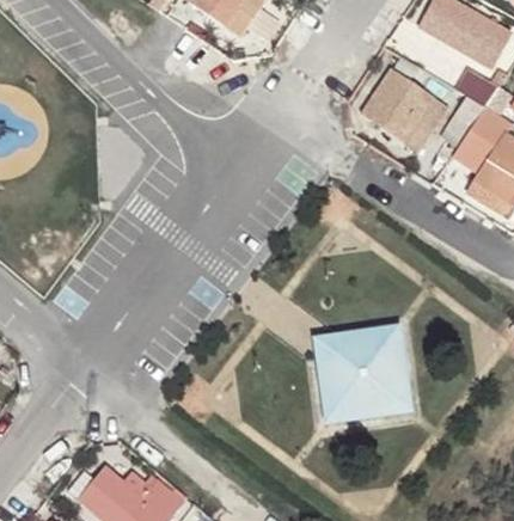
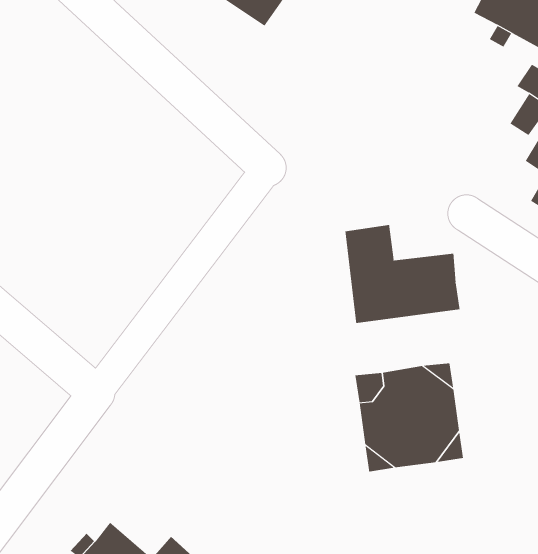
building: [360,68,445,151] -> none
building: none -> [345,224,460,324]

